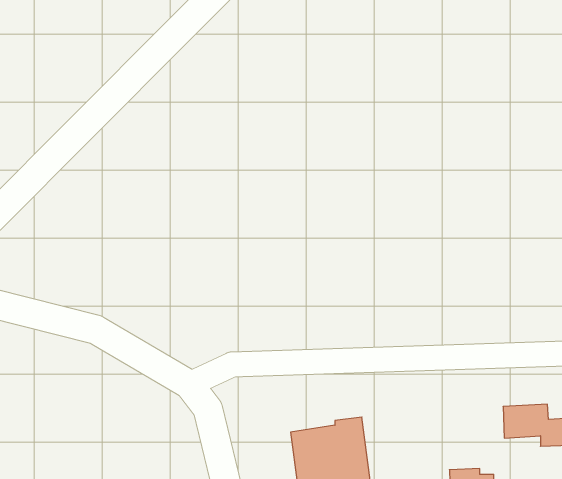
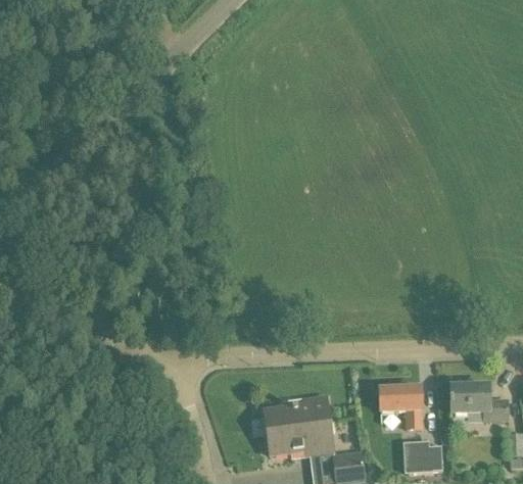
building: none -> [380,386,423,429]

